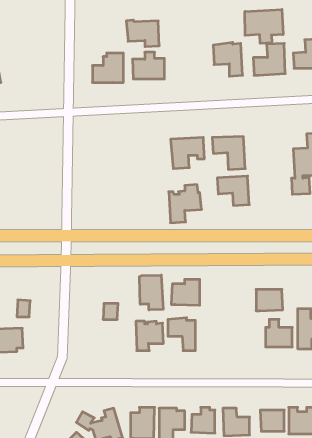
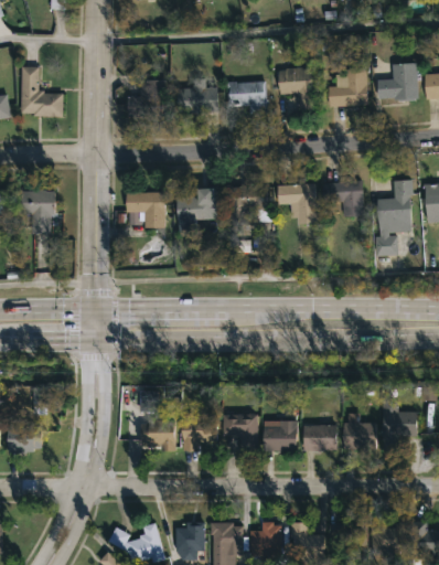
building: [245,9,283,43] -> none
building: [126,20,159,47] -> [226,81,267,114]
building: none -> [24,67,67,117]
building: none -> [25,189,58,233]
building: none -> [126,192,165,228]
building: [217,176,249,205] -> [324,181,364,217]
building: [169,185,202,223] -> [176,189,217,236]
building: [139,275,163,310] -> none
building: [171,279,200,305] -> [263,419,298,451]
building: [256,289,283,311] -> [303,424,336,450]
building: none -> [140,419,173,445]

